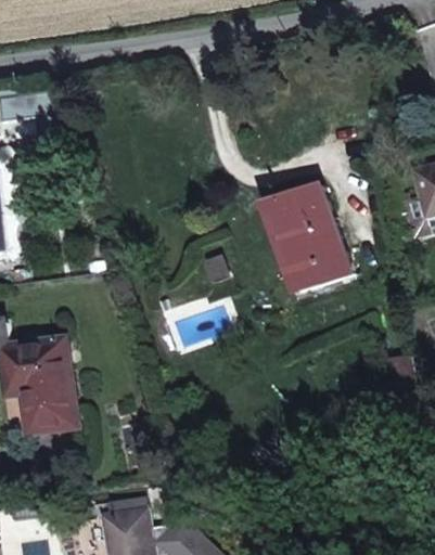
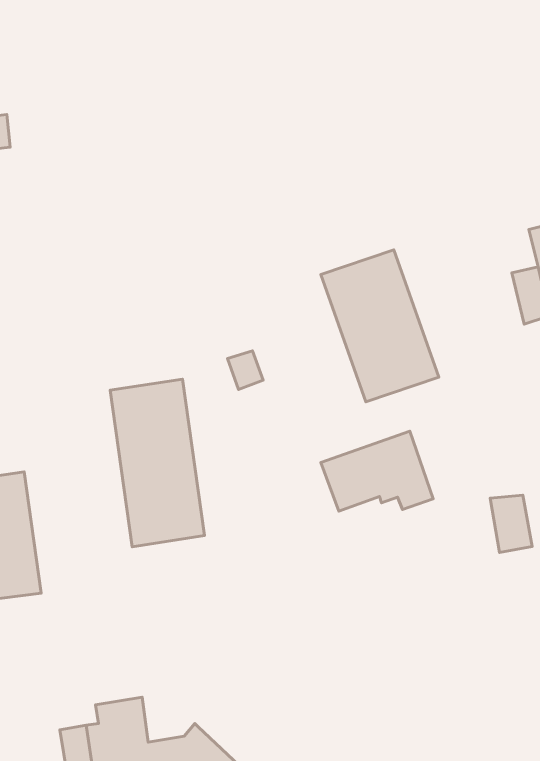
building: none -> [110,379,205,547]
building: none -> [321,431,433,511]

